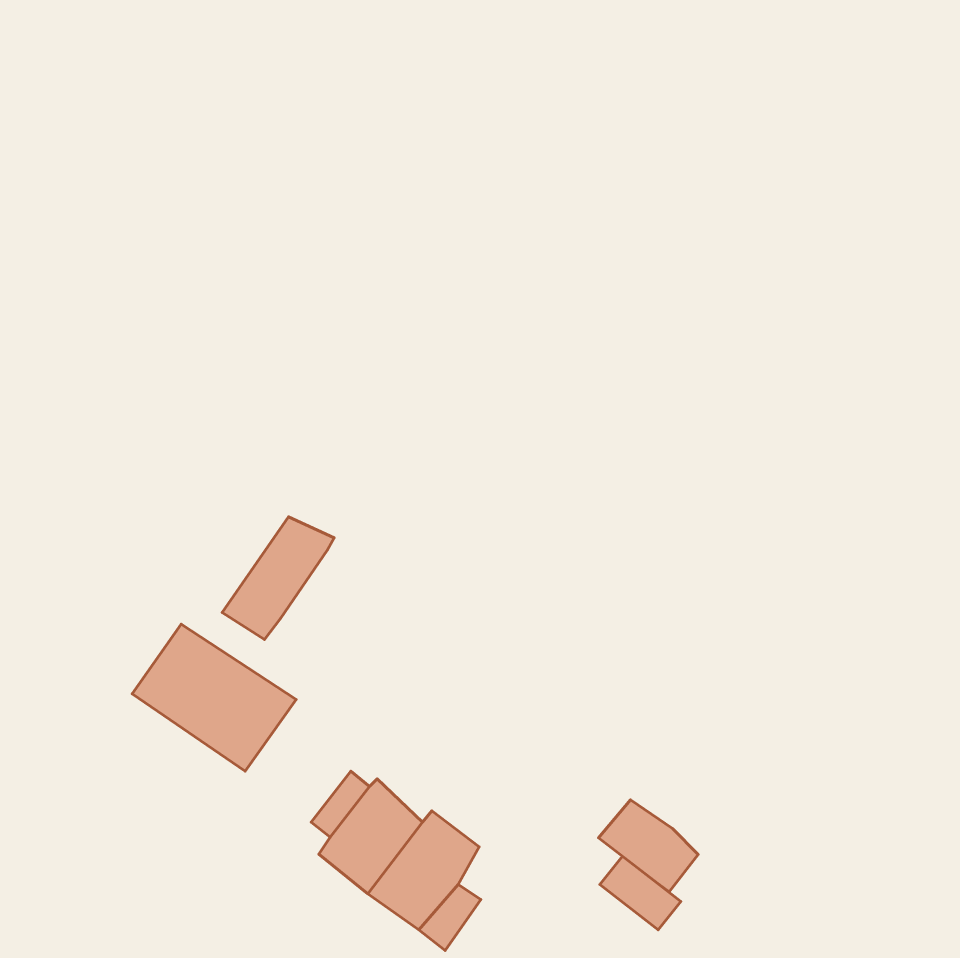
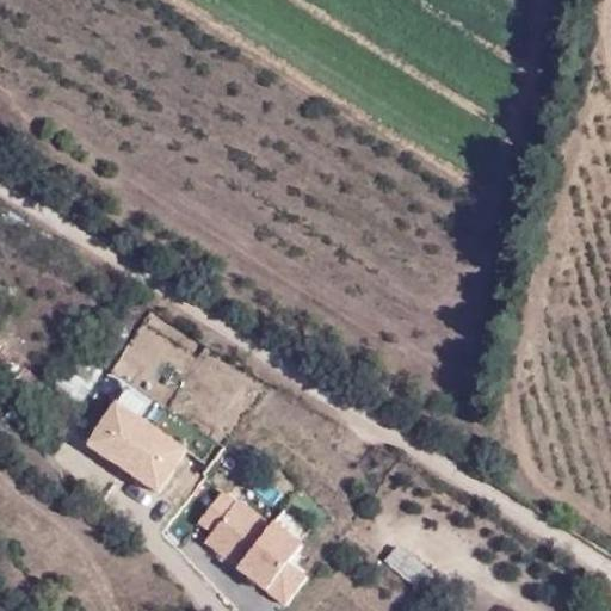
building: [222,517,334,639] -> none
building: [599,800,698,892] -> none

